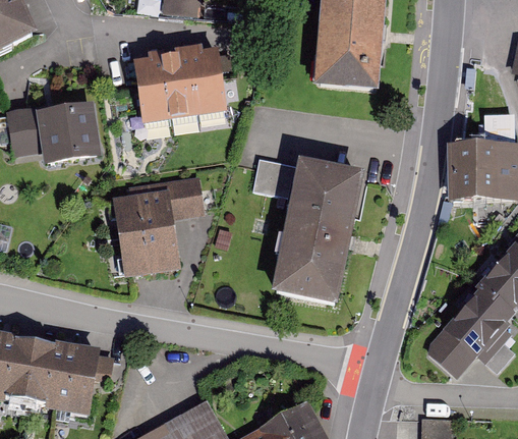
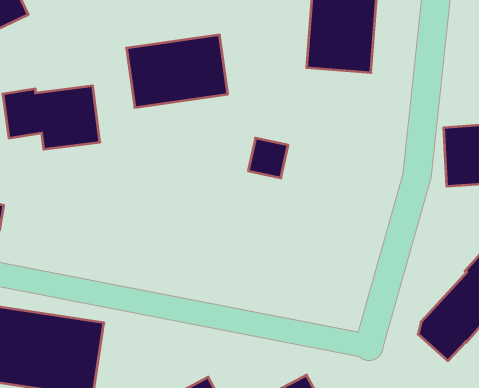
building: [274,162,378,306] -> none
building: [113,176,205,276] -> none

